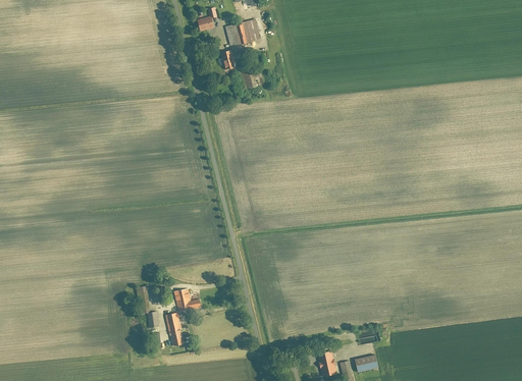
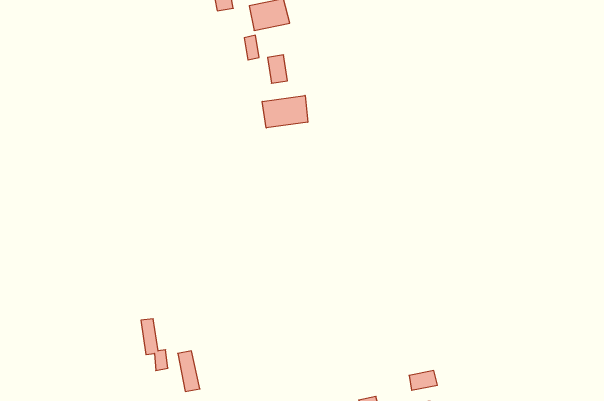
building: none -> [262,95,308,128]
building: [173,288,201,312] -> none

